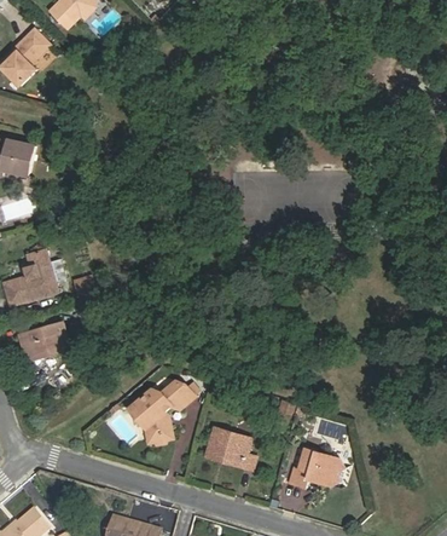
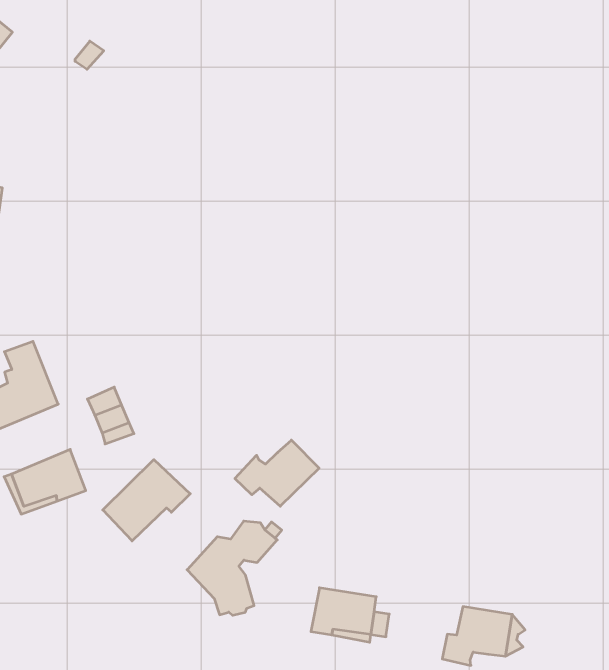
building: none -> [235,440,319,506]
building: none -> [103,460,190,541]

